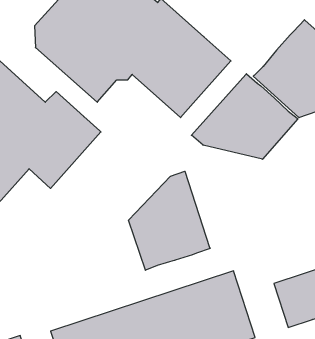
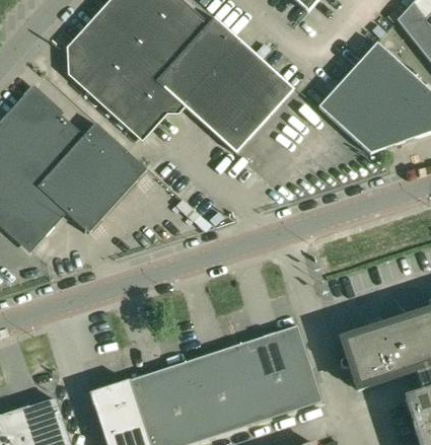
building: [191,74,298,159] -> none
building: [129,171,210,270] -> none

